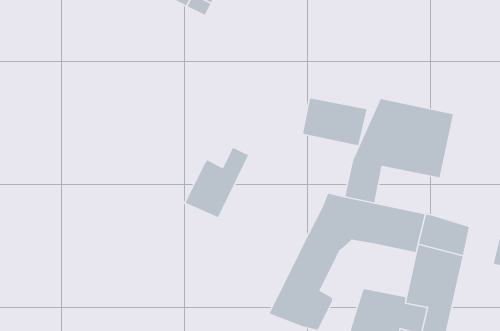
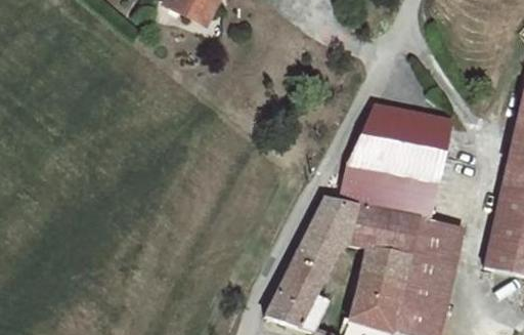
building: [302,97,367,146] -> [369,170,433,217]
building: [185,147,249,218] -> none
building: none -> [359,246,409,297]

